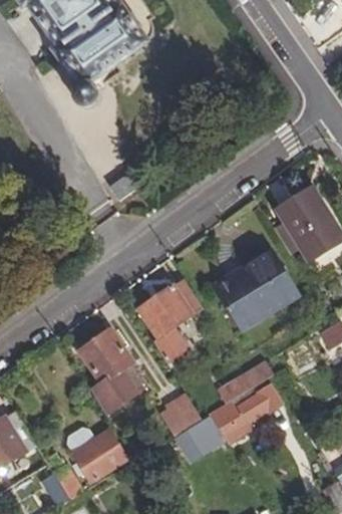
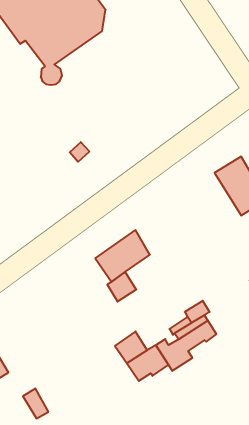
building: [214,249,300,328] -> none
building: [79,329,137,414] -> none
building: [68,430,126,480] -> none

